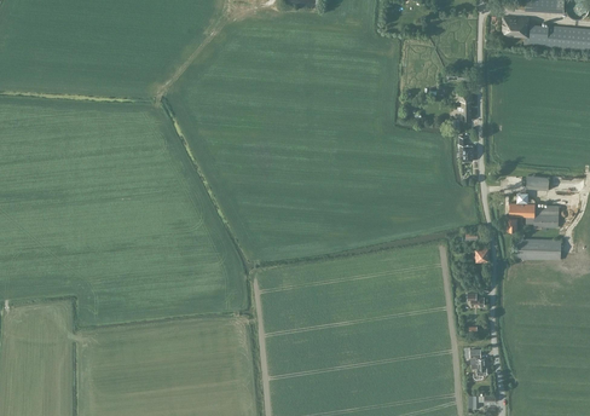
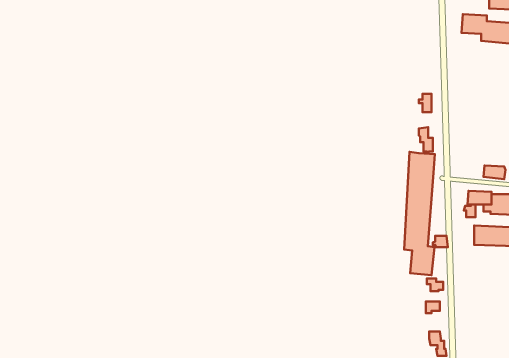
building: none -> [404,152,435,275]

